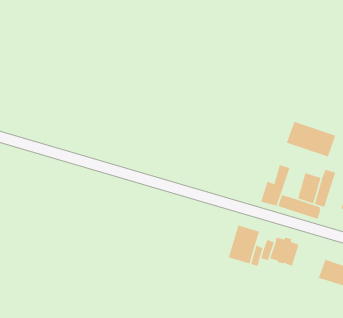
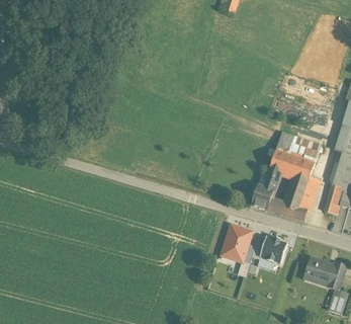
building: none -> [269,151,314,182]

